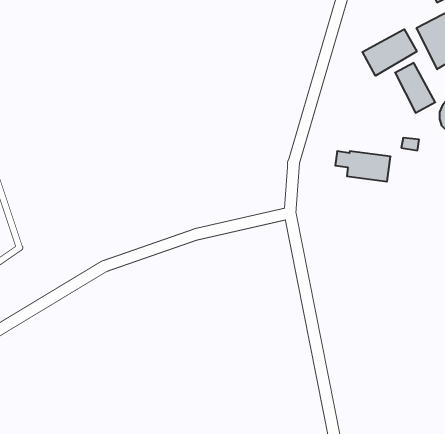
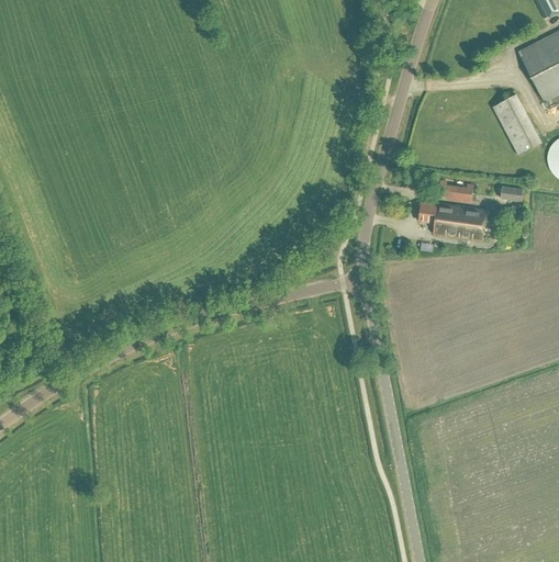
building: [362,29,417,76] -> none
building: none -> [438,179,473,202]

